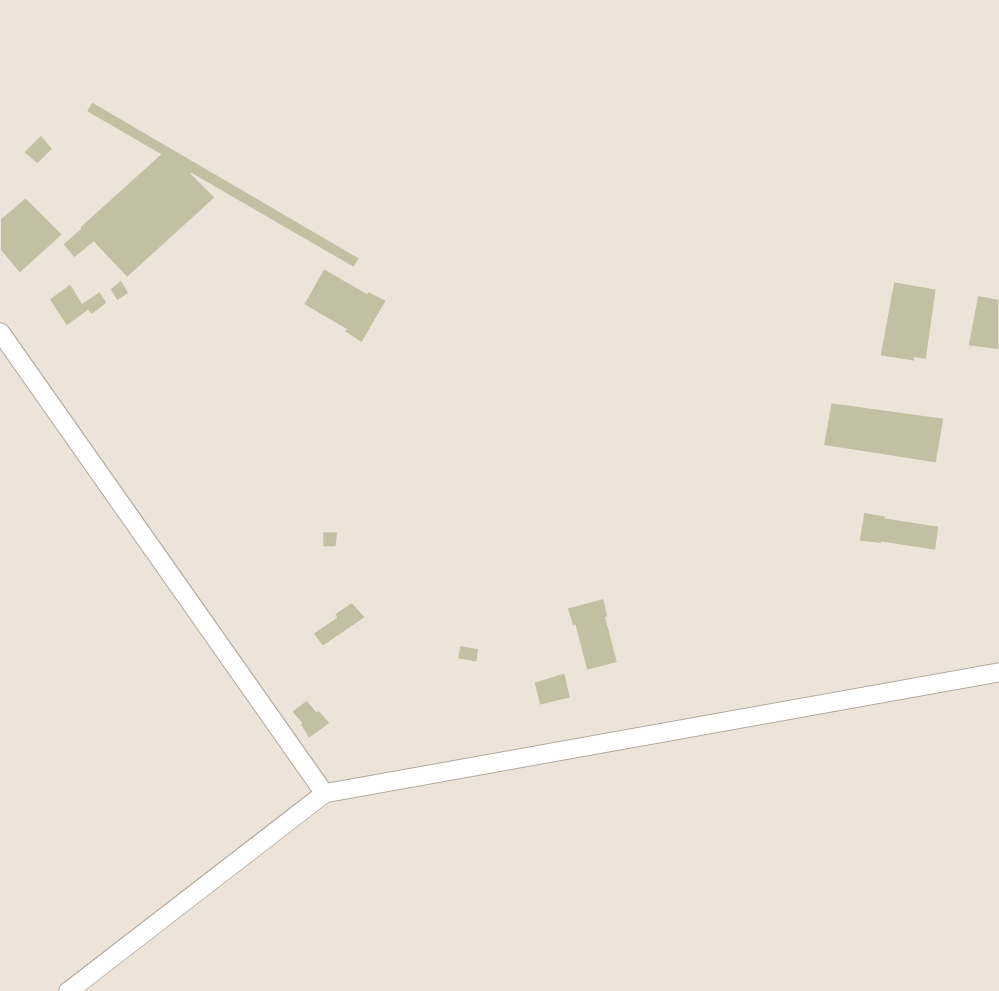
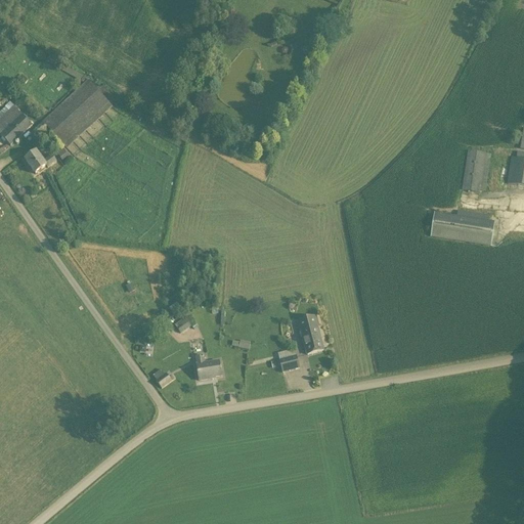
building: [303,268,387,343] -> none
building: [859,512,939,551] -> none
building: none -> [195,353,221,378]

